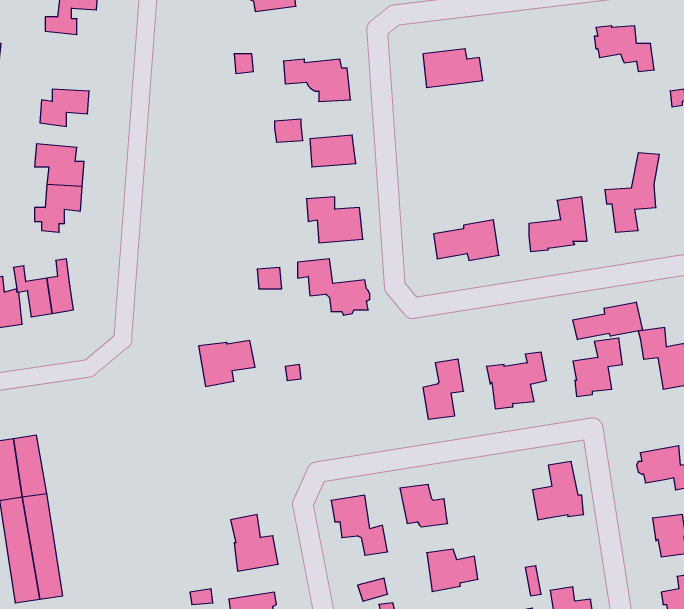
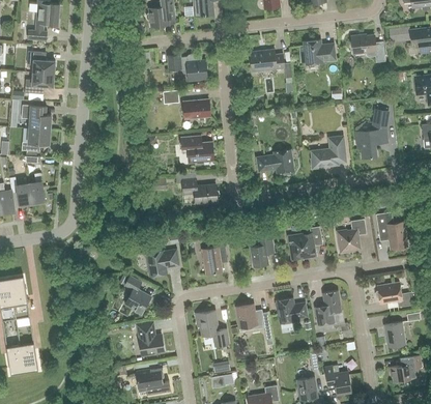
building: none -> [299,39,335,64]
building: none -> [27,51,55,74]
building: [573,302,642,340] -> none
building: [199,341,255,386] -> [146,250,179,277]
building: none -> [202,243,227,275]
building: none -> [124,276,151,314]
building: [427,549,478,592] -> [277,298,307,323]

